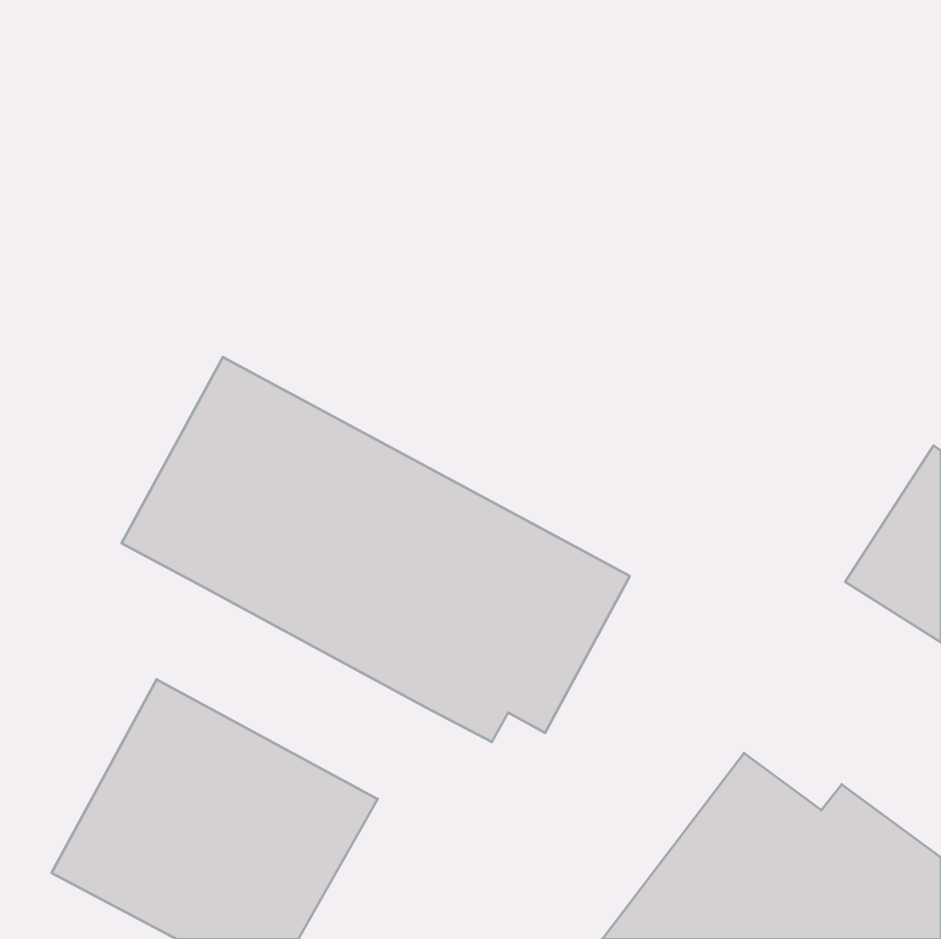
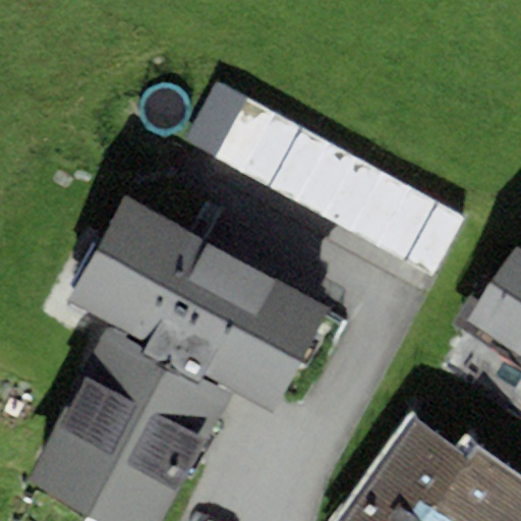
building: none -> [182,80,464,275]
building: none -> [81,323,235,442]

